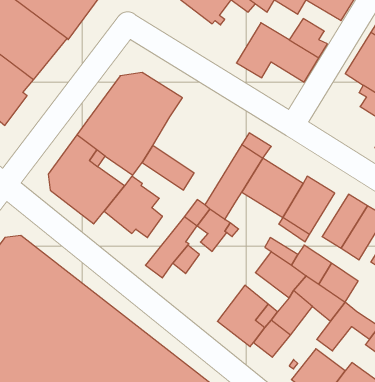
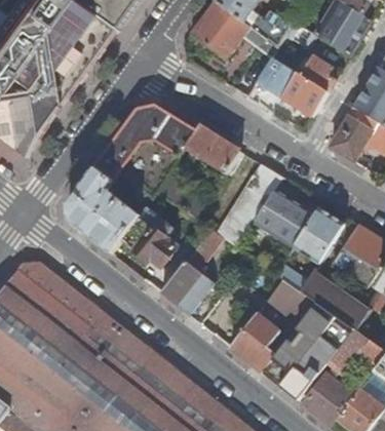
building: none -> [330,107,374,161]
building: none -> [183,126,238,174]

